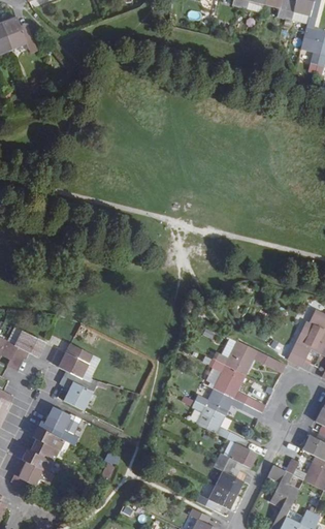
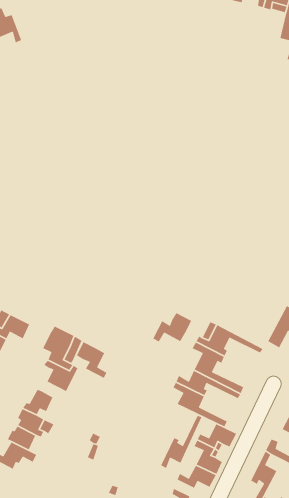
building: none -> [152,312,192,343]
building: none -> [76,341,107,379]
building: none -> [160,415,203,469]

